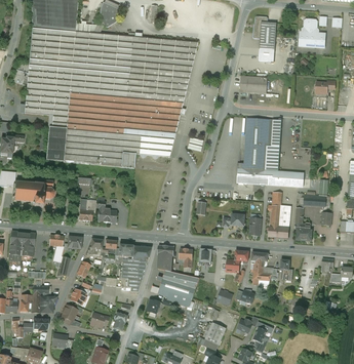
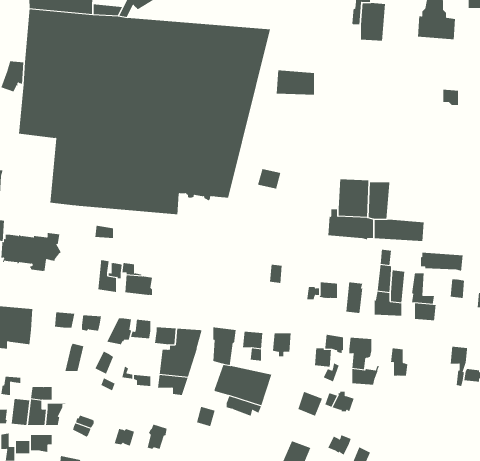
building: [240,76,267,93] -> [276,70,315,95]
building: [245,118,273,146] -> none

